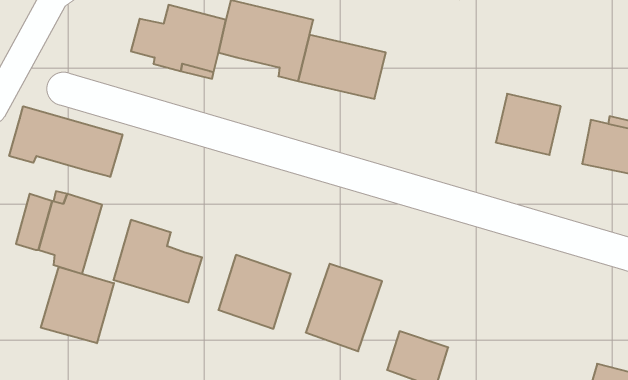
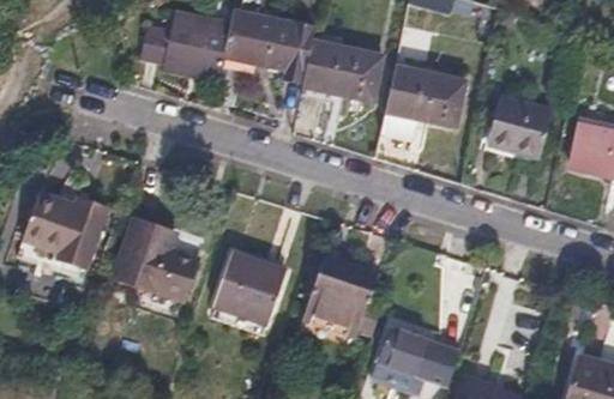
building: none -> [379,65,462,127]
building: [9,106,122,177] -> none
building: [41,267,114,343] -> none

